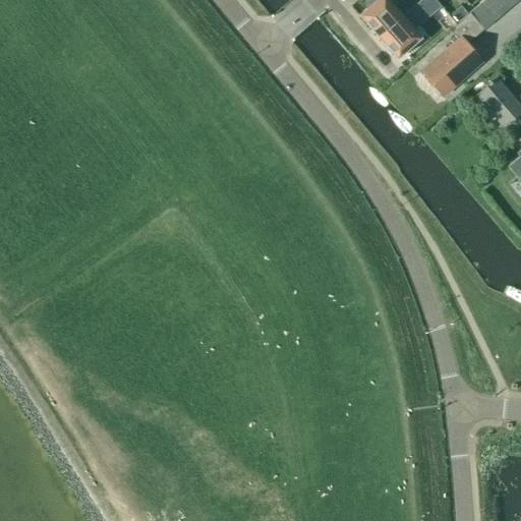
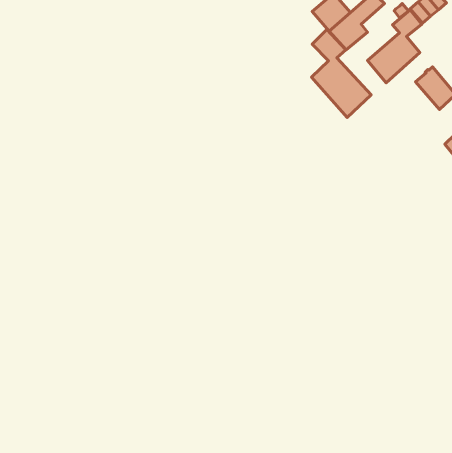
building: none -> [311,29,371,117]

